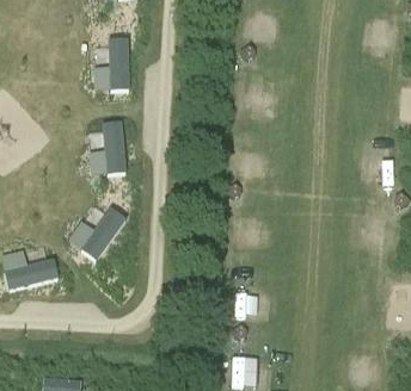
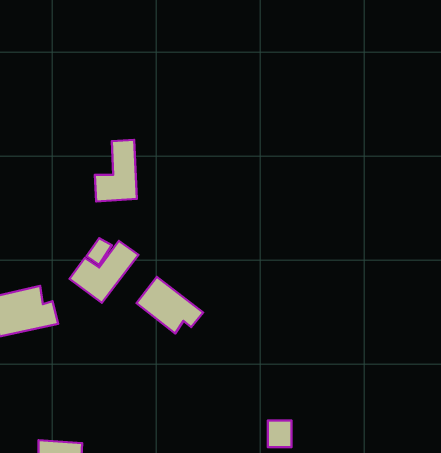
building: [93,38,130,91] -> none
building: none -> [136,277,203,334]

